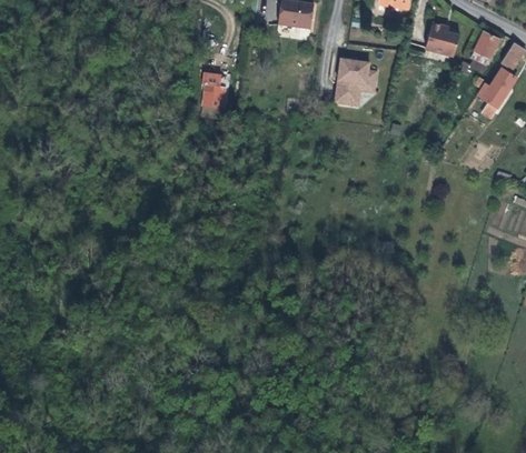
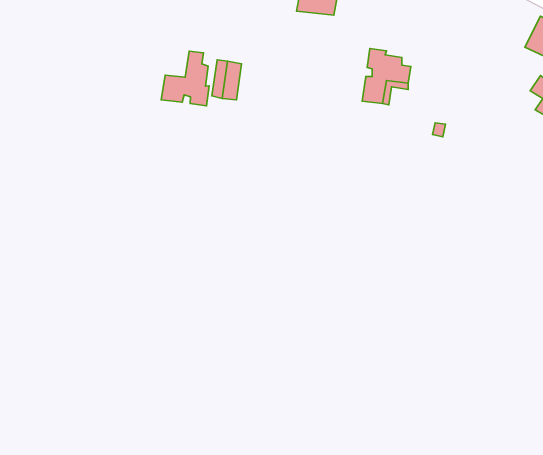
building: [427,23,460,56] -> none
building: none -> [161,51,209,106]

